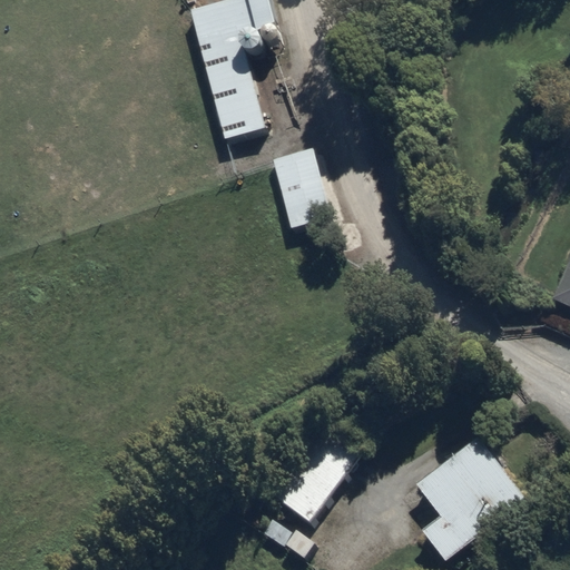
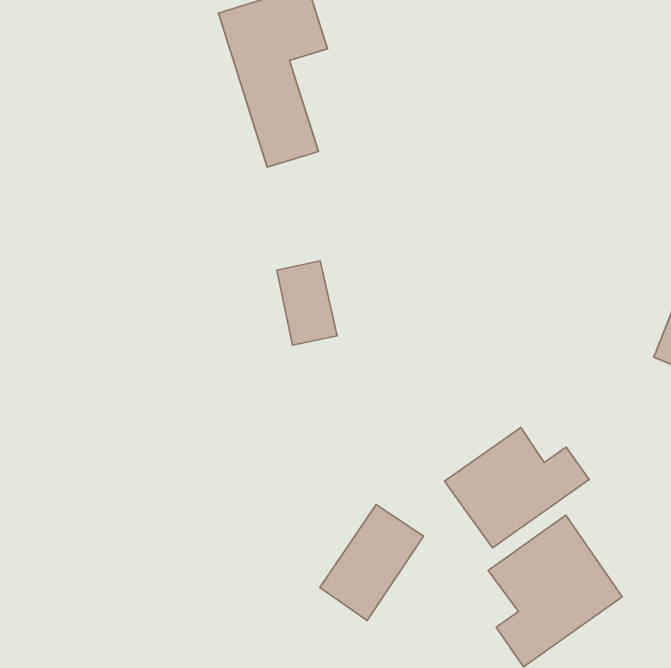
building: [275,151,326,223] -> [277,261,337,345]
building: none -> [445,428,589,548]

